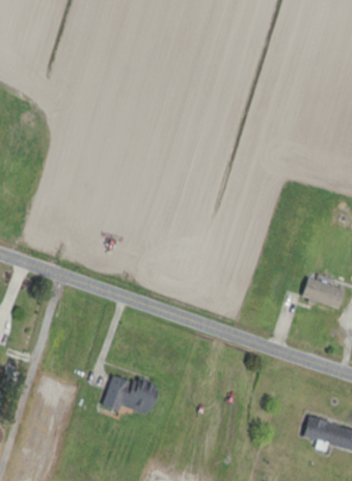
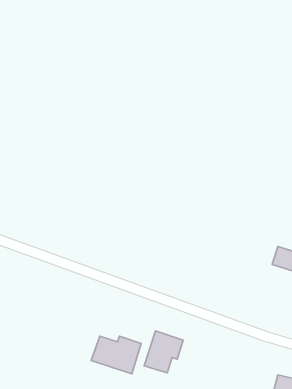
building: none -> [144,331,183,373]

